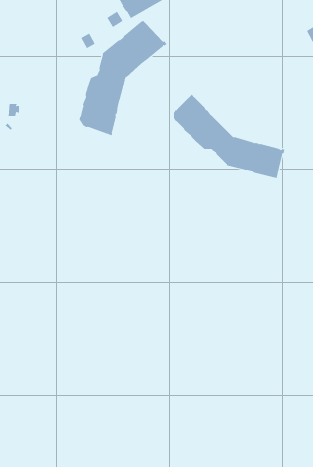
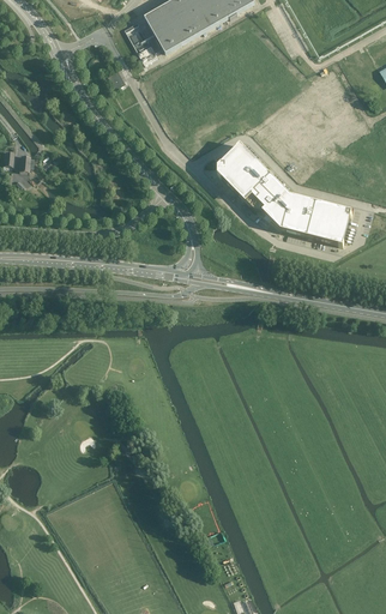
building: [79,20,168,136] -> none

